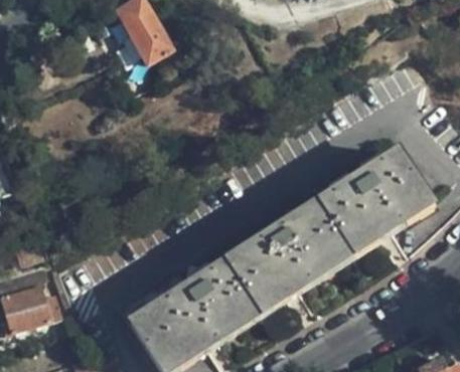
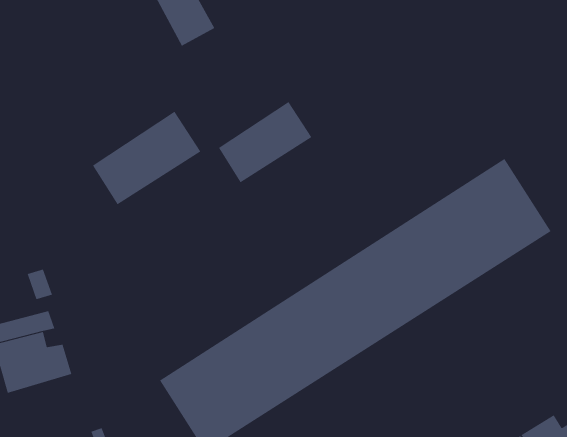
building: none -> [218,101,312,183]
building: none -> [92,111,201,205]

